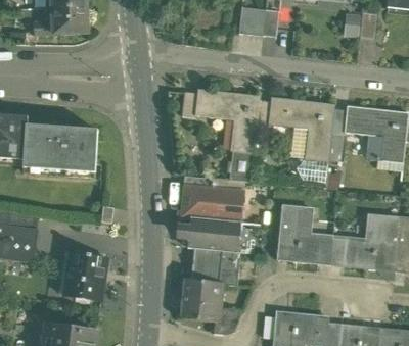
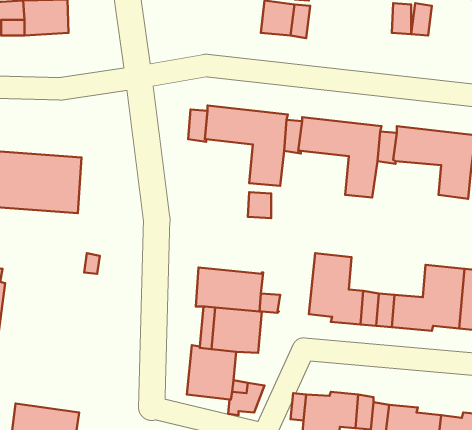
building: [183,186,243,221] -> none
building: [65,250,106,299] -> none

